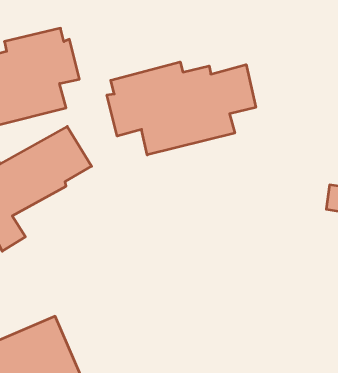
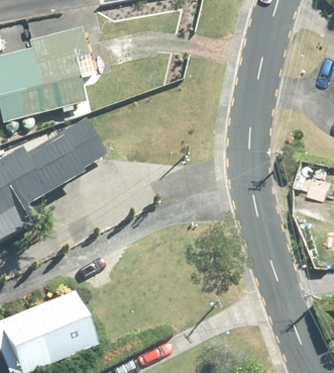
building: [107,62,256,155] -> none

